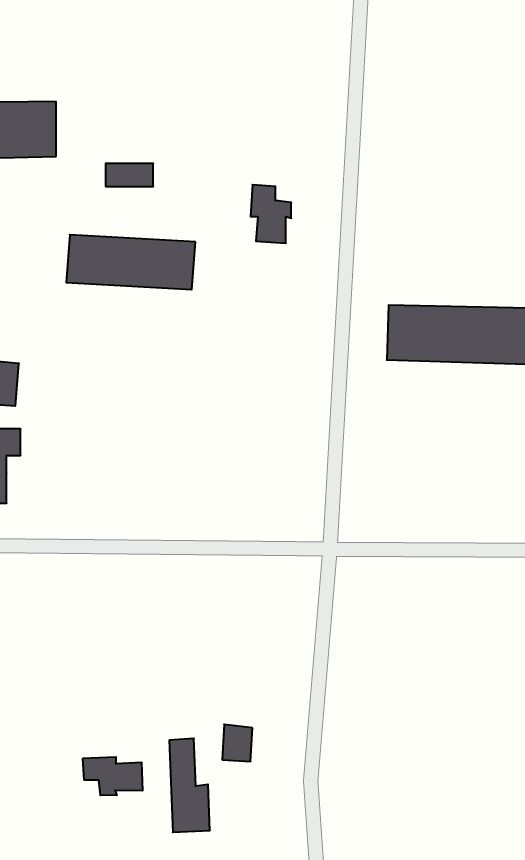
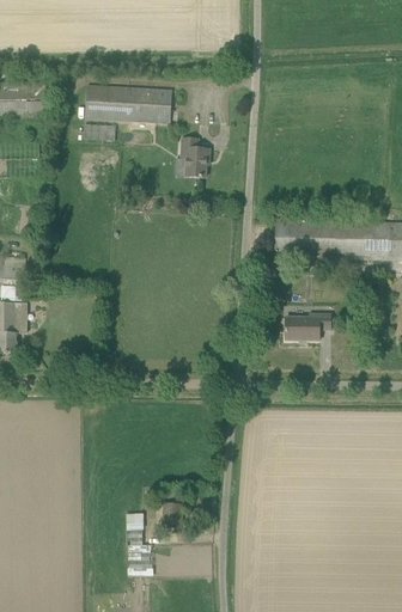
building: [66,235,195,290] -> [84,85,171,122]
building: none -> [285,313,329,339]
building: [83,757,143,795] -> none

